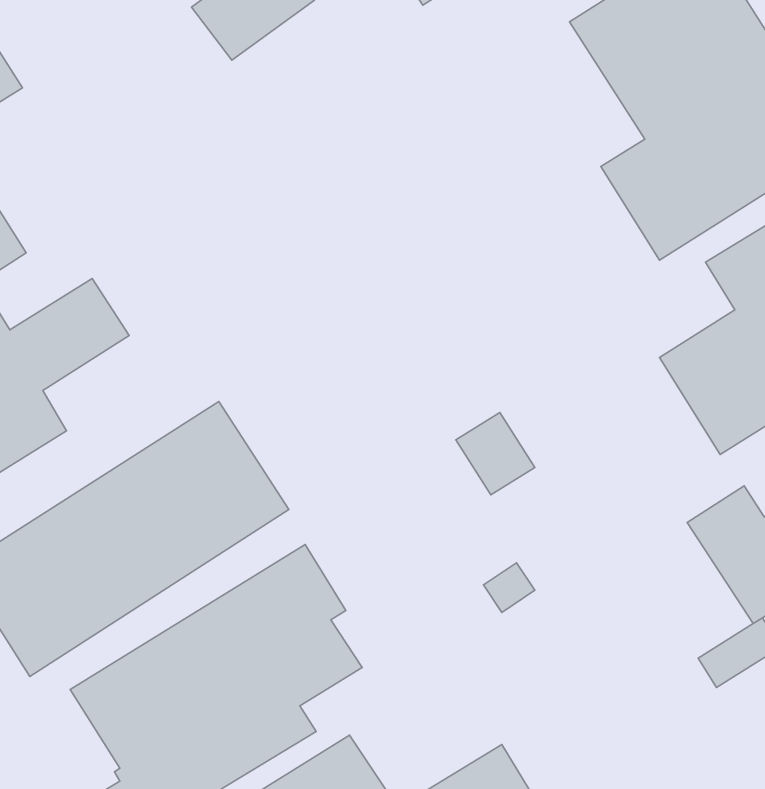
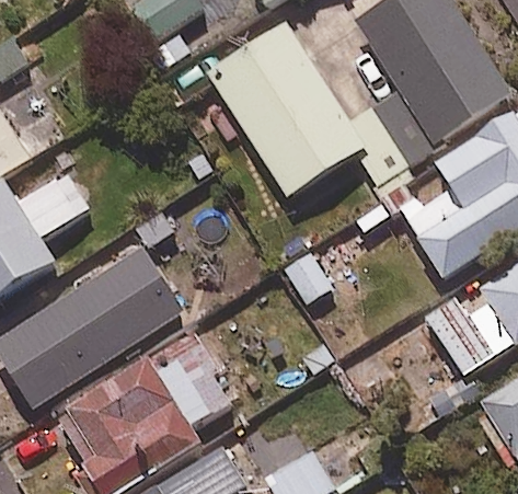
building: none -> [204,19,406,197]

